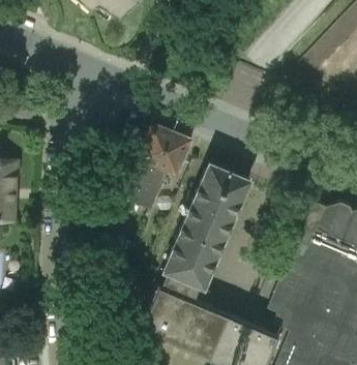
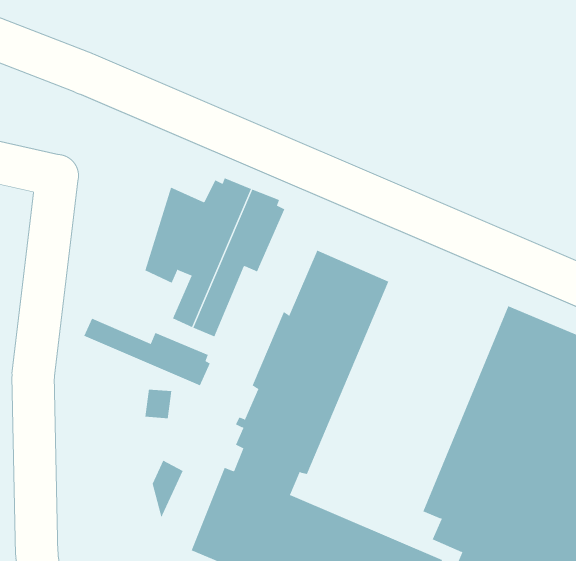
building: none -> [84,318,211,386]

